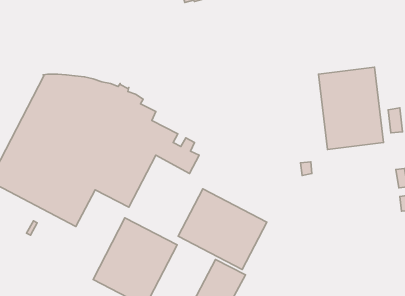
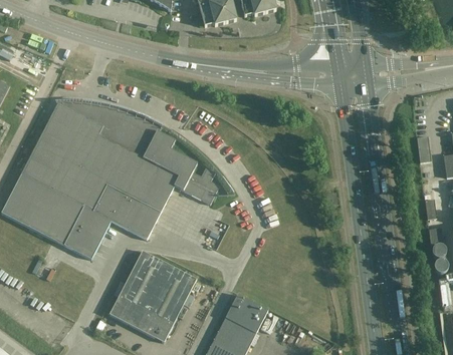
building: [318,67,384,149] -> none
building: [178,189,267,269] -> none

